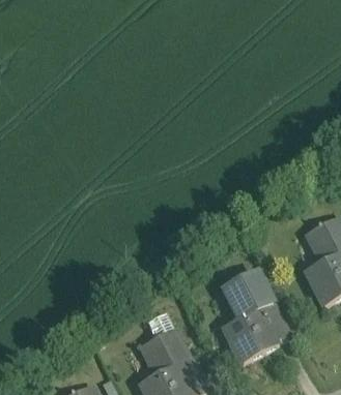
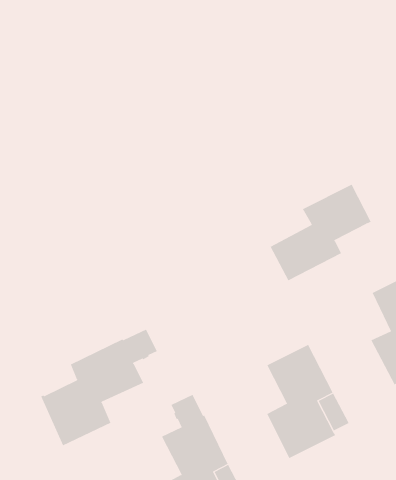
building: none -> [270,184,372,281]
building: none -> [40,329,158,446]

